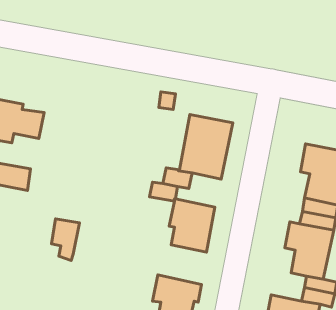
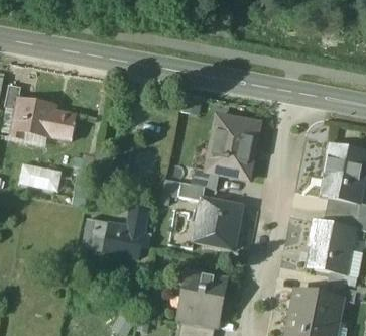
building: none -> [104,207,147,257]

